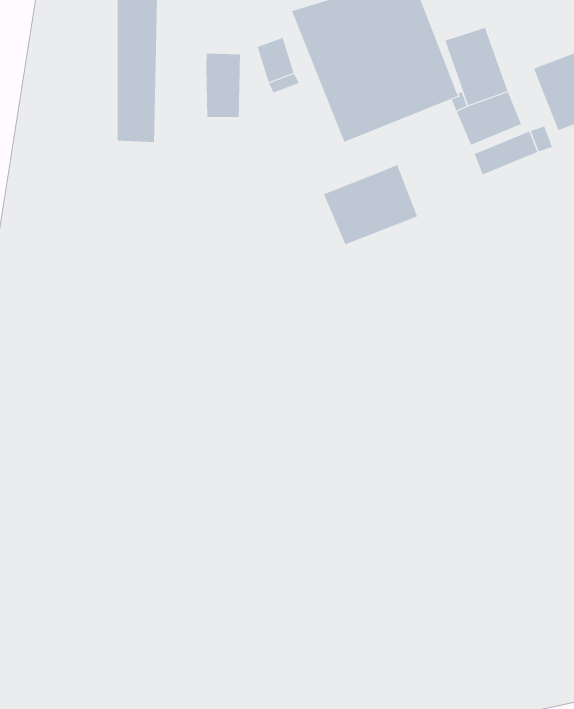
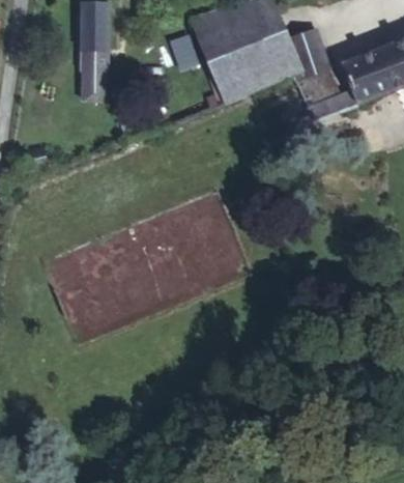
building: [206,53,241,118] -> none
building: [323,164,418,245] -> none

